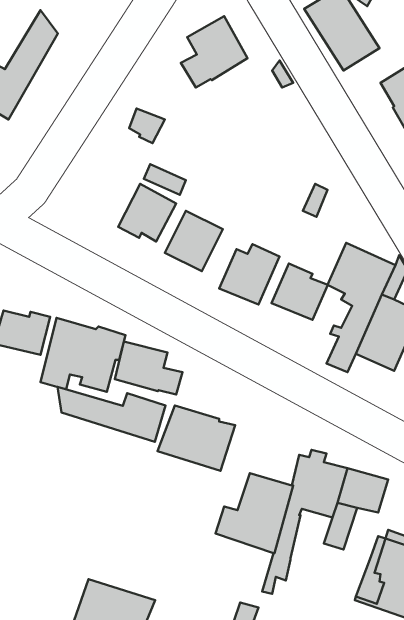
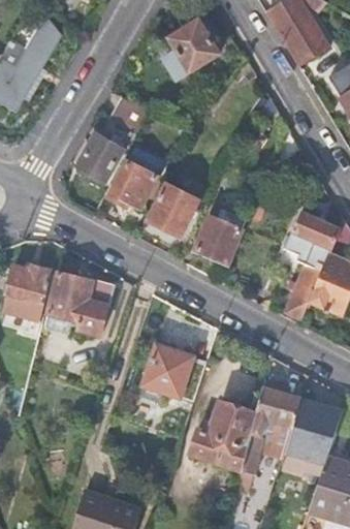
building: none -> [77,135,123,182]
building: [272,264,328,320] -> none
building: [115,342,182,395] -> none
building: [57,387,165,442] -> none

